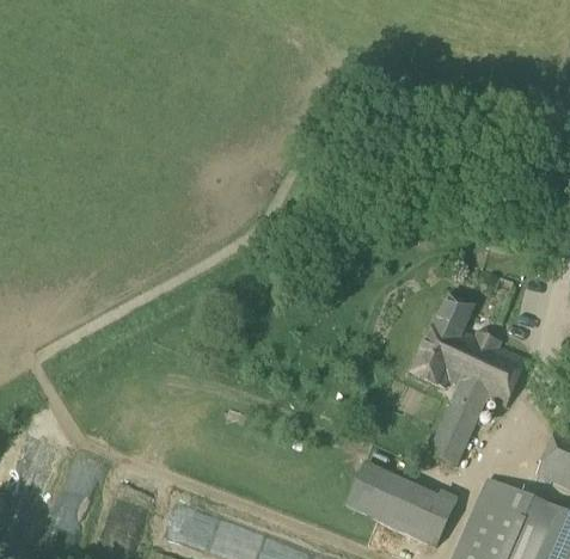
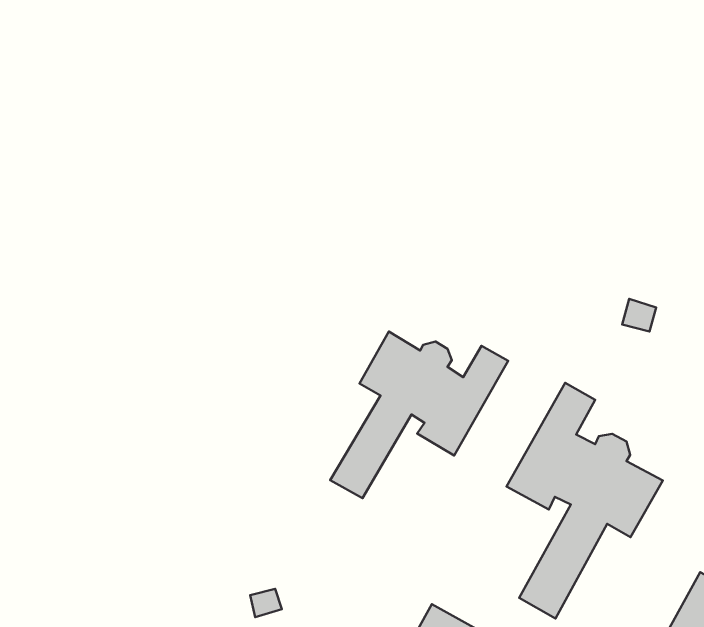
building: none -> [330,332,508,498]

